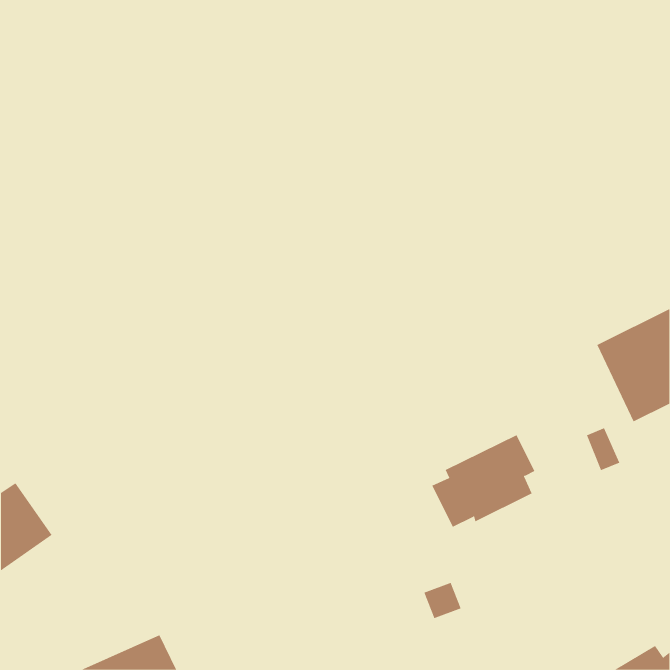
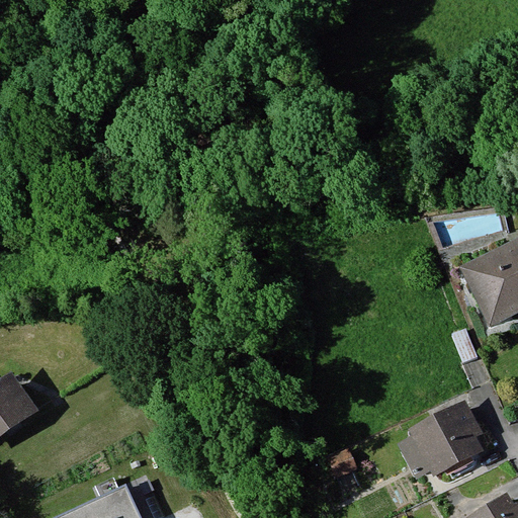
building: [432,434,535,528] -> [401,404,481,476]

